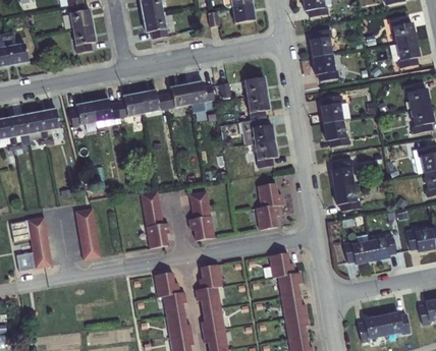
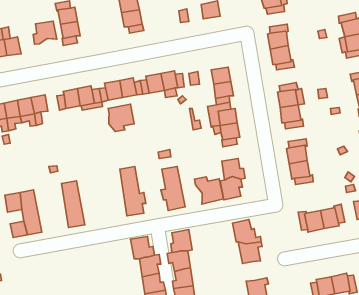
building: none -> [33,21,57,44]
building: none -> [108,104,134,131]
building: none -> [195,177,224,204]
building: [280,297,308,320] -> none

